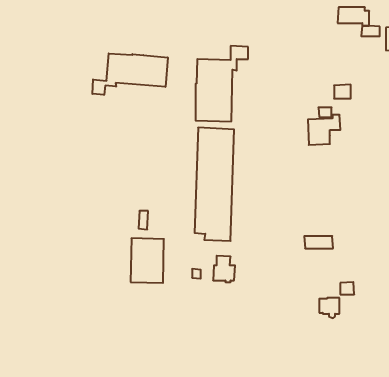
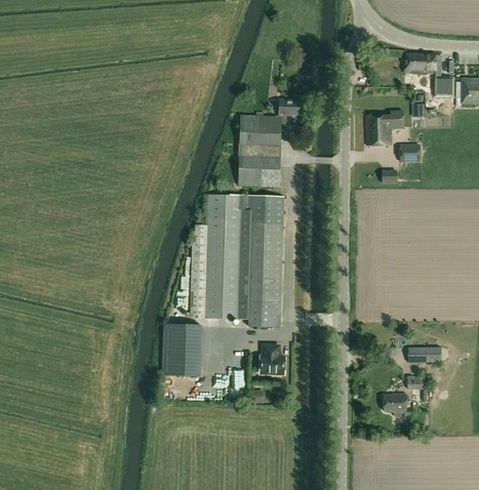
building: [92,53,168,95] -> none
building: [308,115,340,145] -> [365,111,403,146]
building: none -> [192,194,241,318]
building: [304,236,333,248] -> [407,348,441,362]

